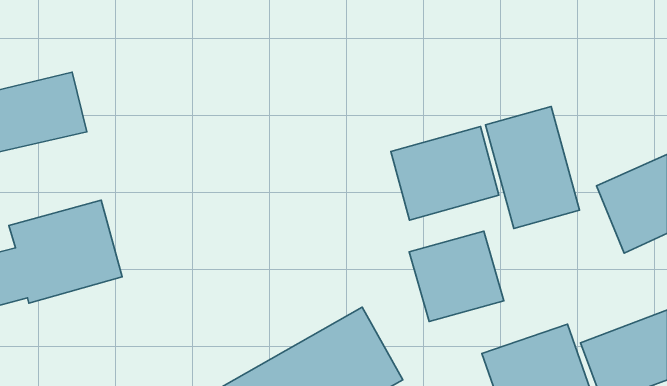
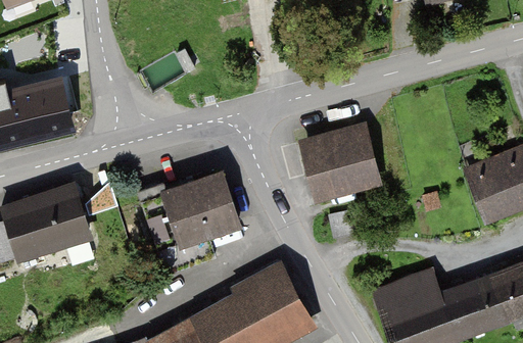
building: [486,106,579,229] -> none
building: none -> [136,172,245,252]
building: [409,231,504,322] -> none

